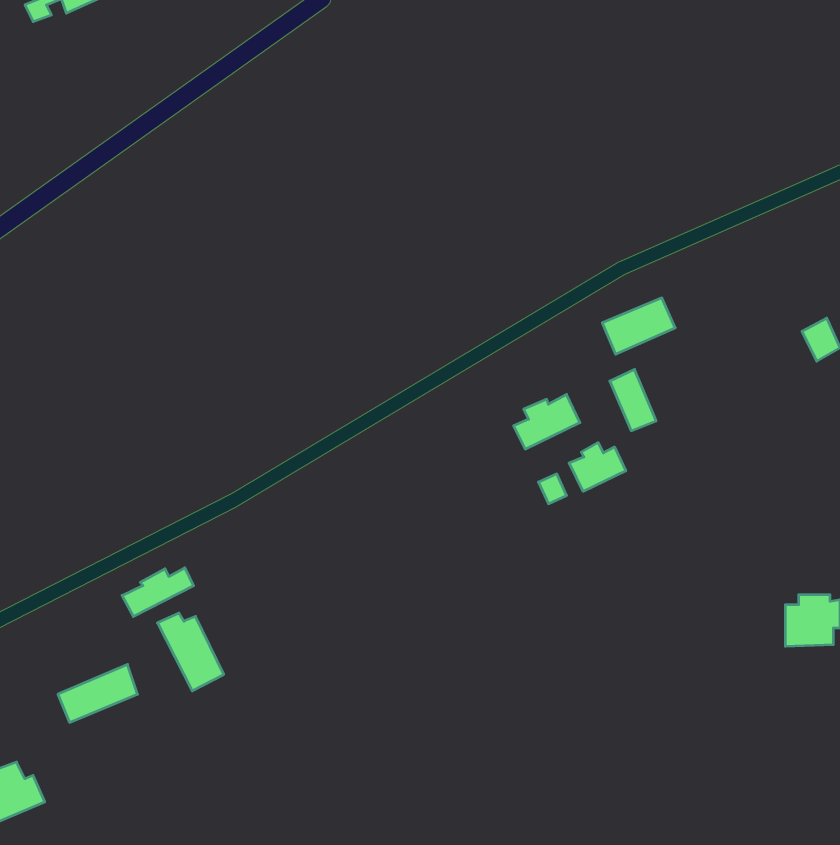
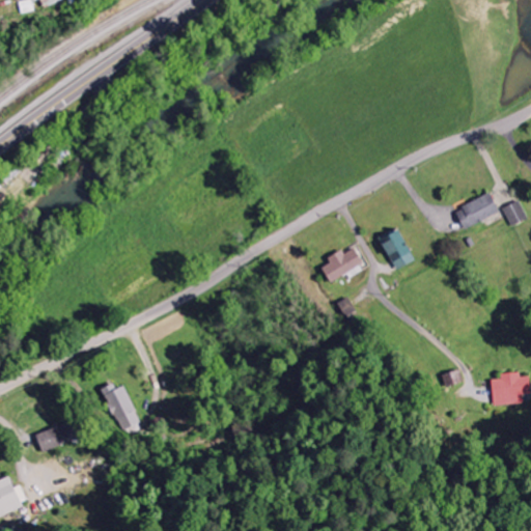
building: [602,298,675,354] -> [455,193,501,228]
building: [569,443,626,491] -> none
building: [122,568,194,617] -> none

